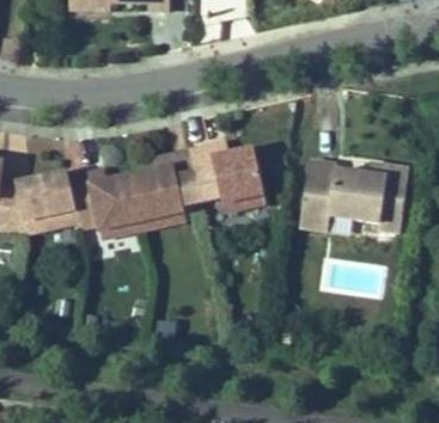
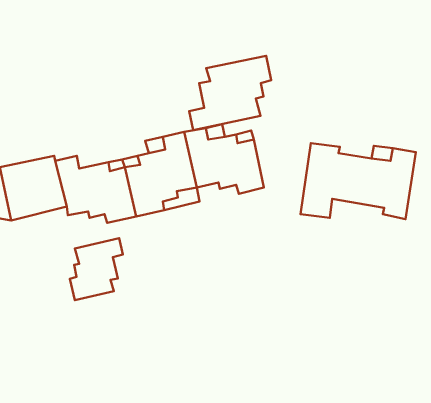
building: none -> [189,56,271,130]
building: none -> [70,238,123,300]

